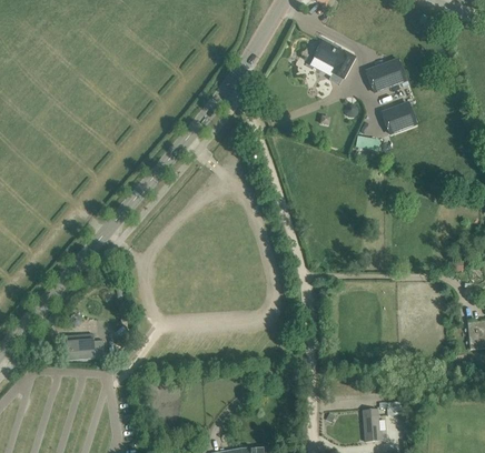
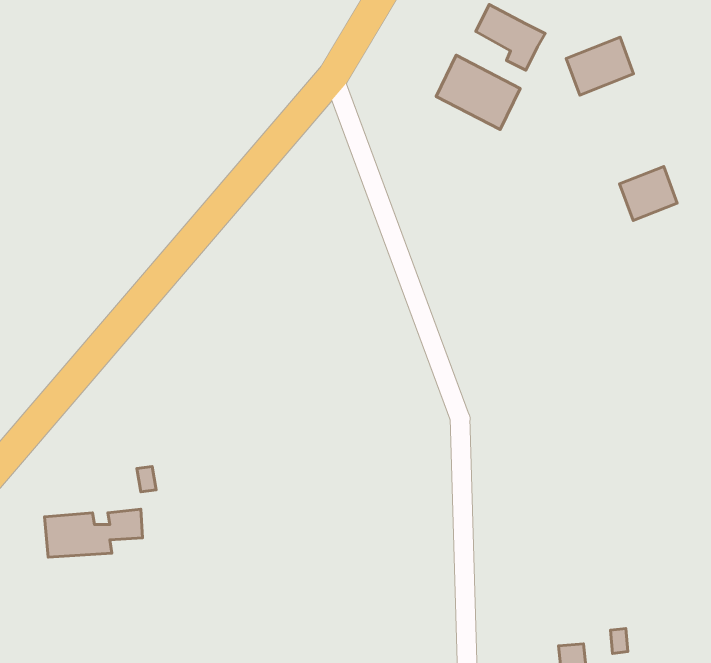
building: none -> [436,55,520,130]
building: [382,102,415,133] -> [620,167,677,220]

